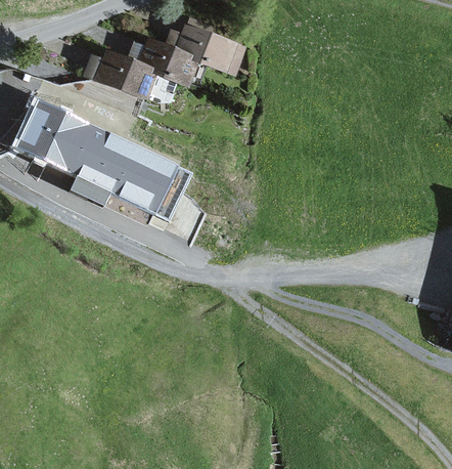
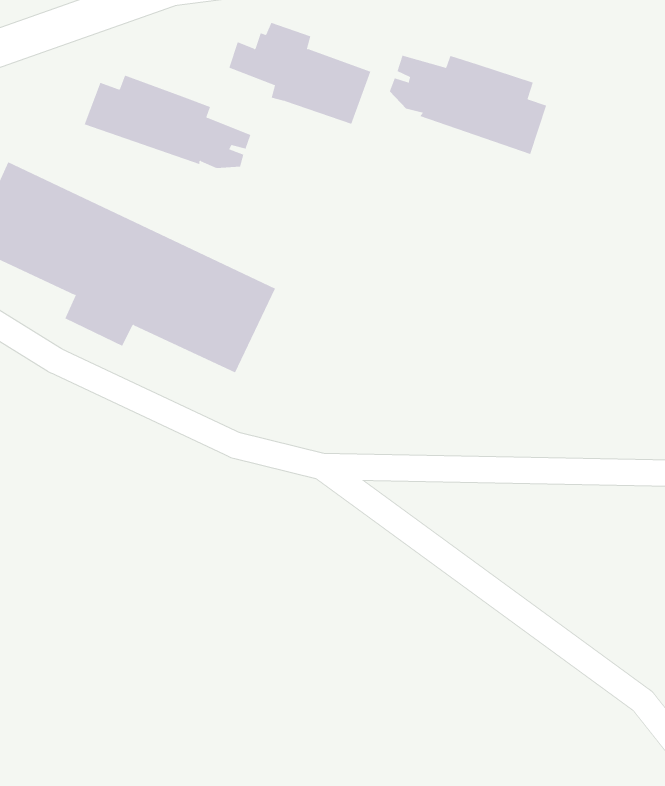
building: none -> [389,55,547,155]
building: [139,38,198,87] -> none

